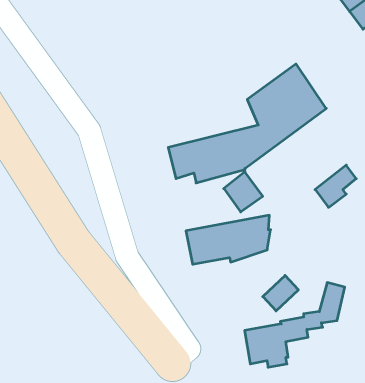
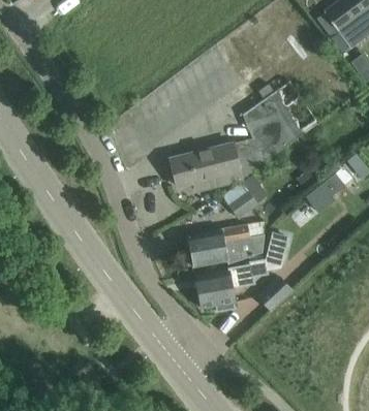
building: [245,283,345,367] -> [194,232,287,311]

